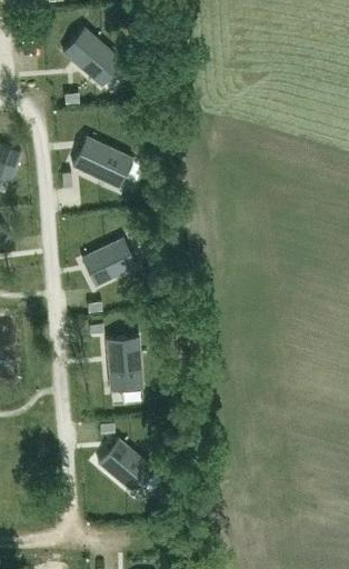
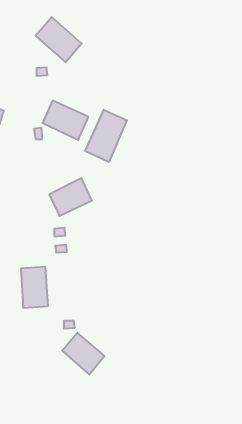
building: none -> [85,110,127,162]
building: [107,337,142,390] -> [21,267,48,308]

